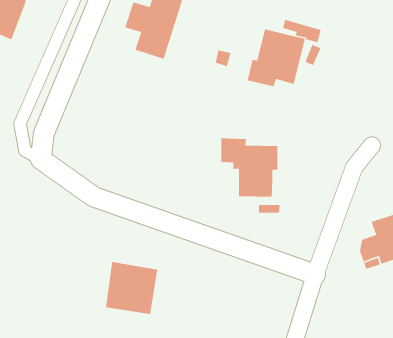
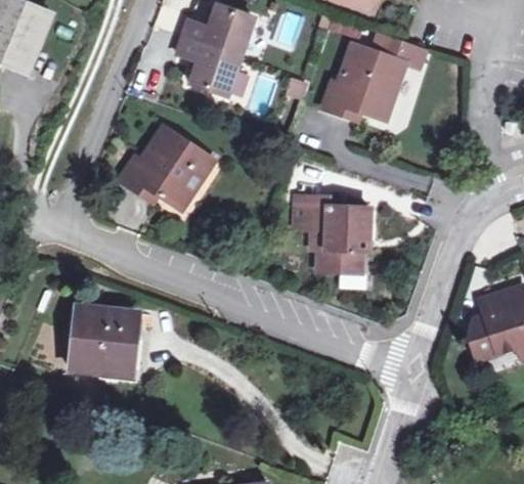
building: none -> [121,126,212,197]
building: [105,261,158,315] -> [73,309,140,378]

